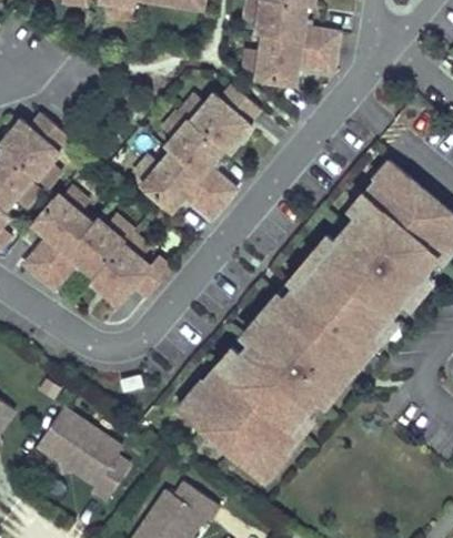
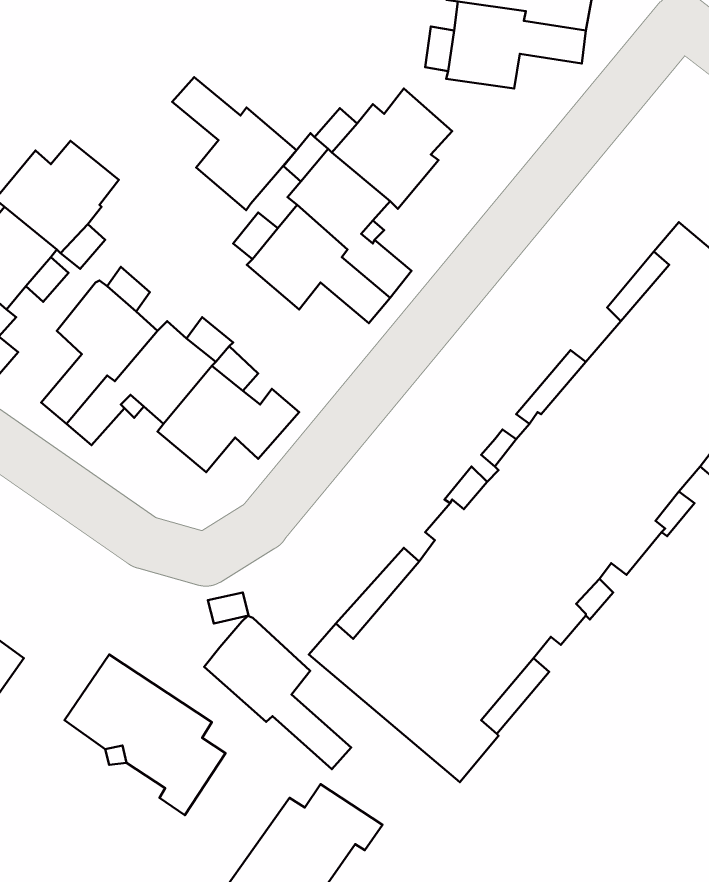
building: none -> [172,77,297,210]
building: none -> [204,616,351,769]

